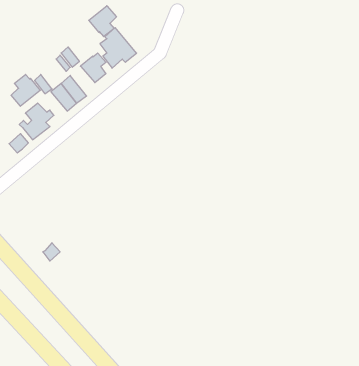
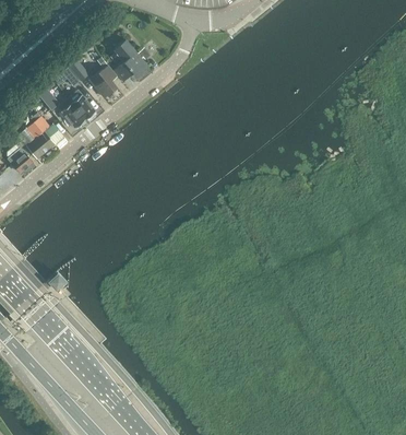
building: [89,6,116,37] -> none
building: [11,74,40,106] -> none

